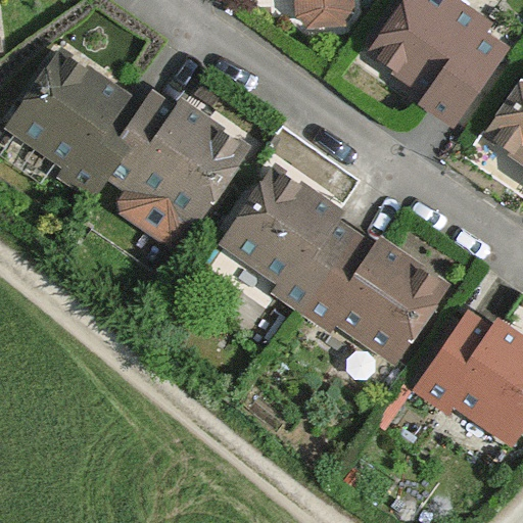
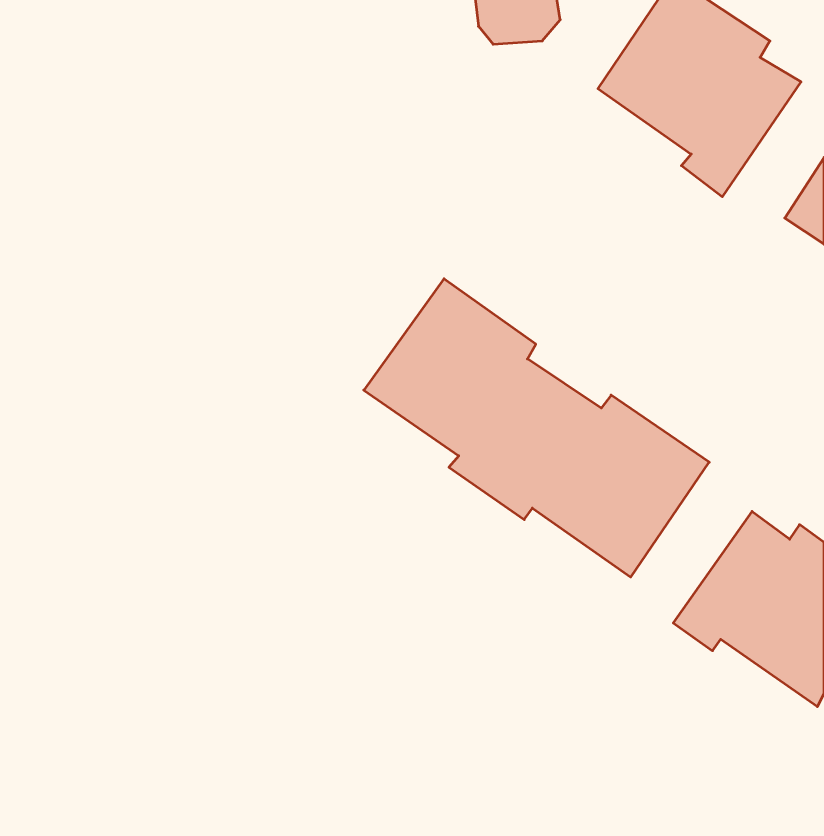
building: [12,58,241,240] -> none

